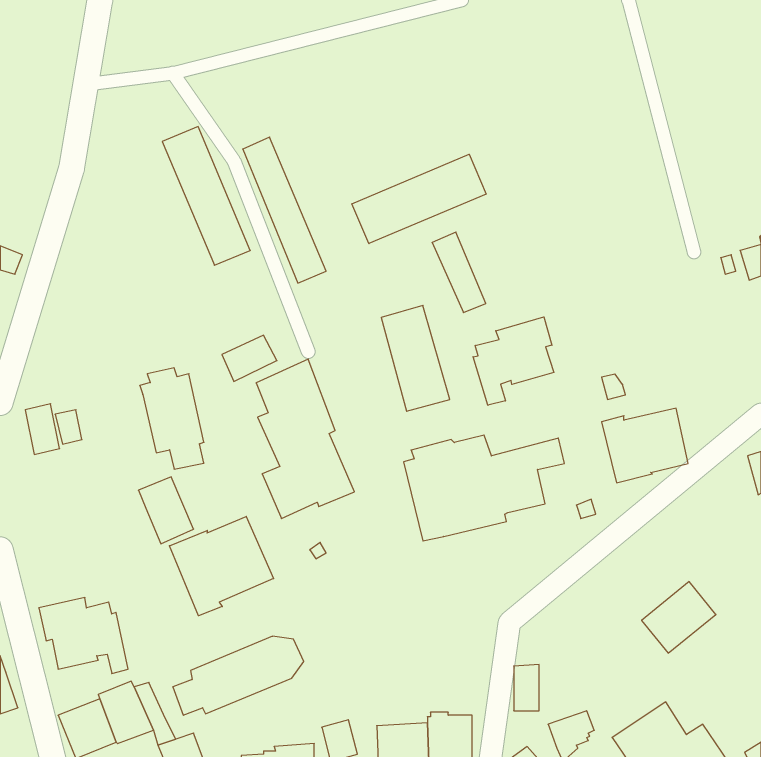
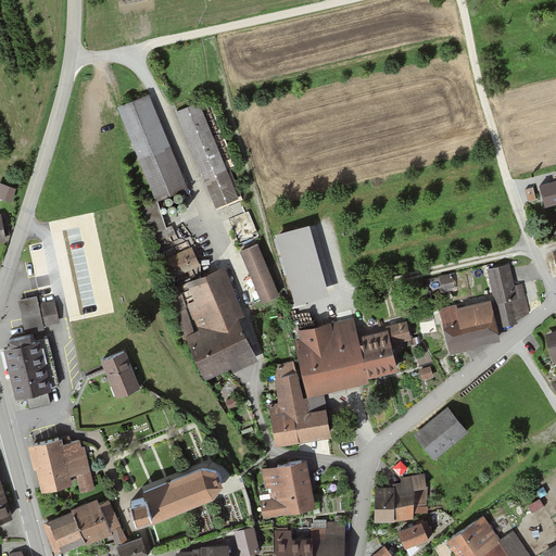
building: [352,154,486,244] -> none
building: [432,232,486,313] -> [240,244,279,303]
building: [473,317,554,405] -> none
building: none -> [489,266,529,328]
building: [140,368,204,469] -> [4,336,51,409]
building: none -> [270,364,331,447]
building: [169,516,274,616] -> none
building: [642,582,716,653] -> [414,408,468,460]
building: none -> [262,460,316,519]
building: none -> [393,476,428,523]

